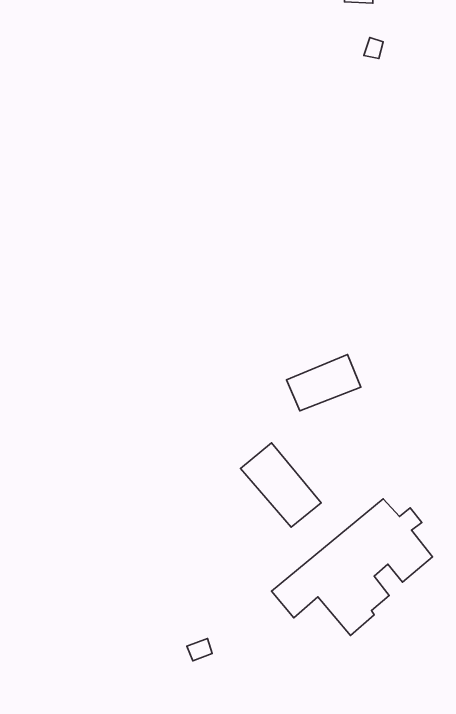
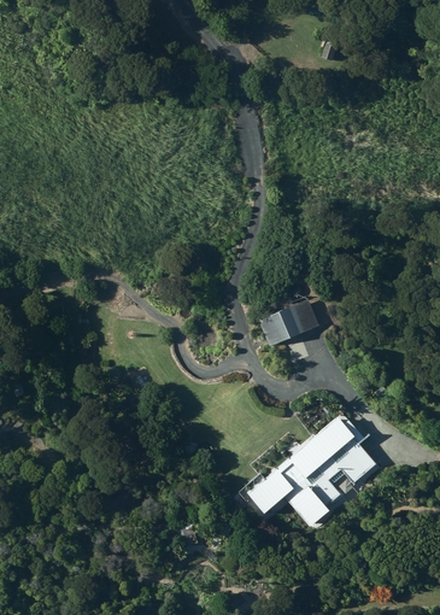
building: [241,443,321,527] -> none

